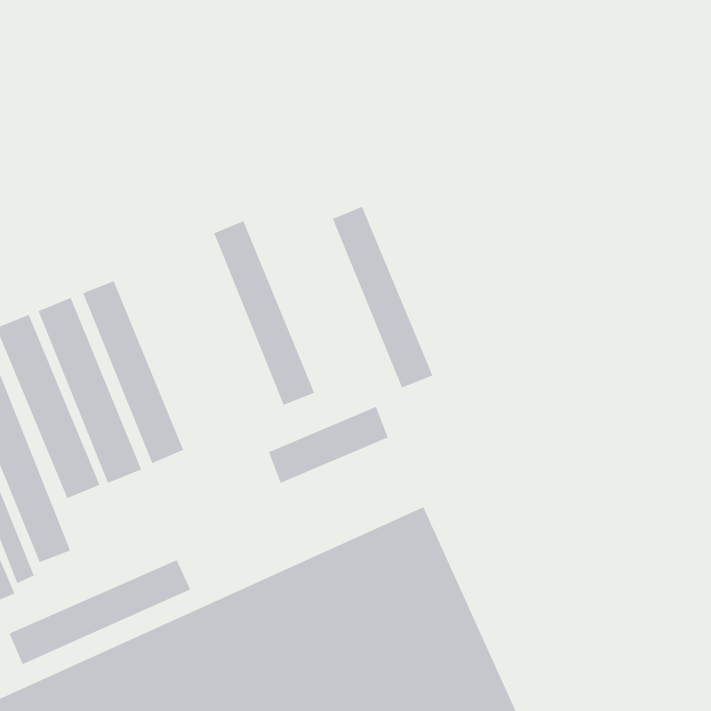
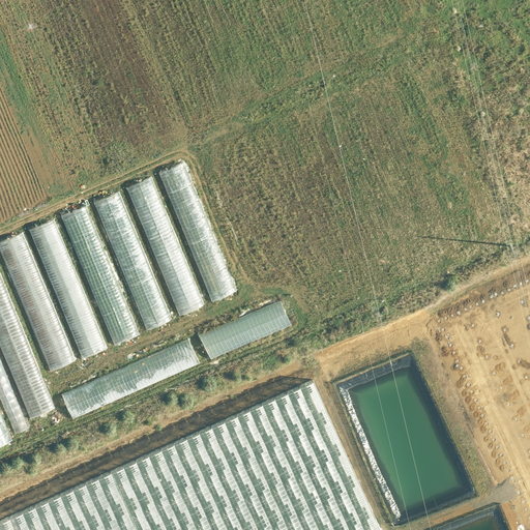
building: [332,206,433,389] -> [126,180,202,316]
building: none -> [94,195,168,331]
building: [8,559,191,665] -> [62,341,198,419]

